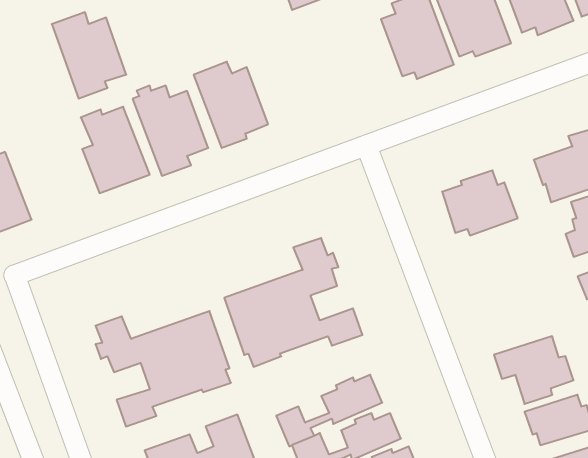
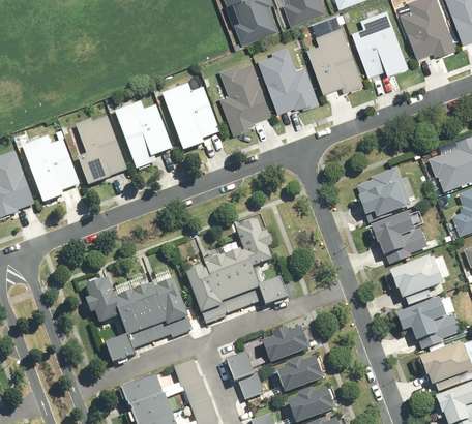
building: [52,12,126,98] -> [21,137,79,204]
building: none -> [258,46,319,115]
building: none -> [218,63,271,137]
building: none -> [371,213,425,263]
building: none -> [388,254,443,299]

